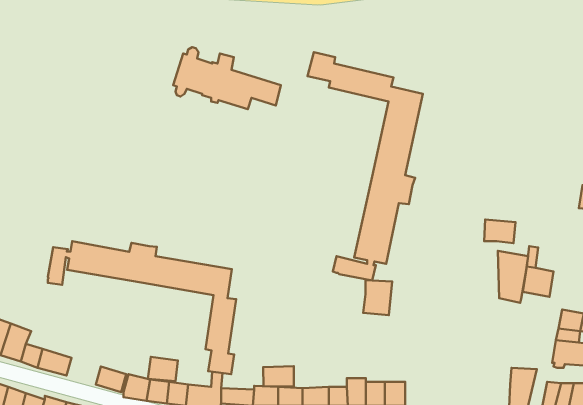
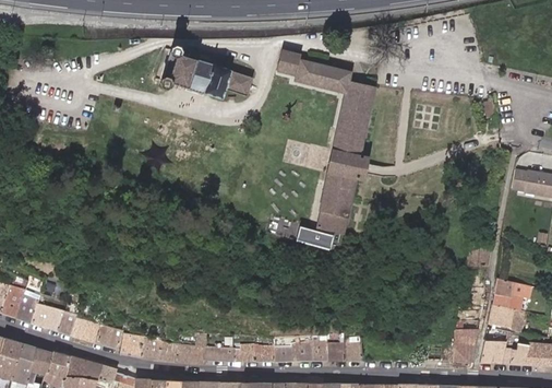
building: [484,220,515,243] -> none
building: [48,241,236,374] -> none
building: [498,251,528,303] -> none
building: [363,280,392,315] -> none
building: [148,357,178,381] -> none
building: none -> [70,319,99,342]
building: [263,366,294,386] -> none

